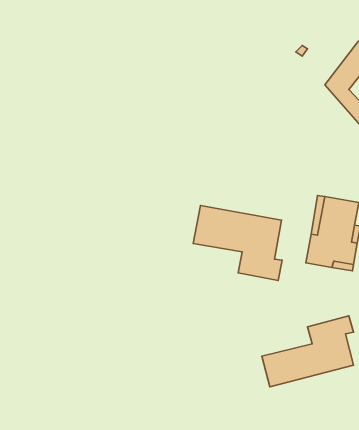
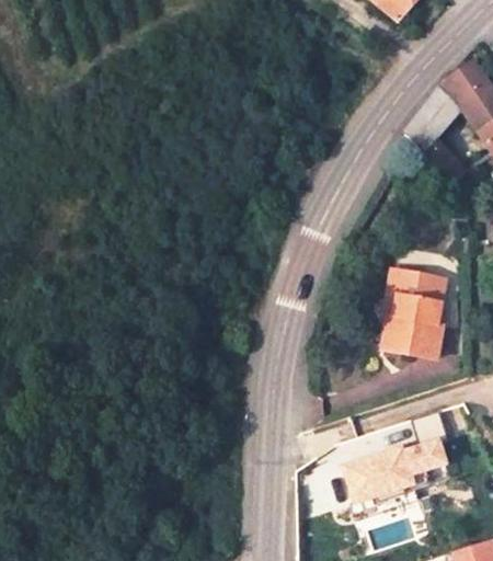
building: [193,206,282,280] -> none

